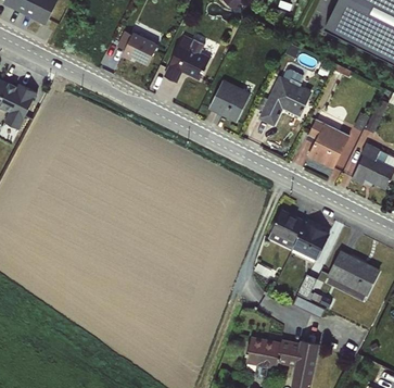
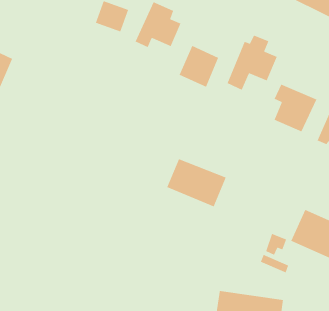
building: [267,210,330,261] -> [166,158,227,207]

